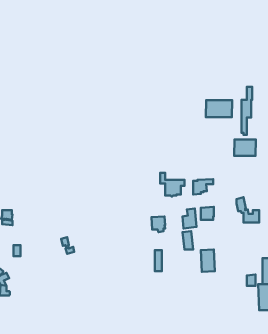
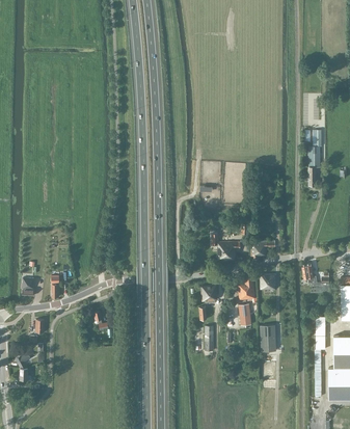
building: [206,100,232,117] -> none
building: [234,140,256,156] -> none

